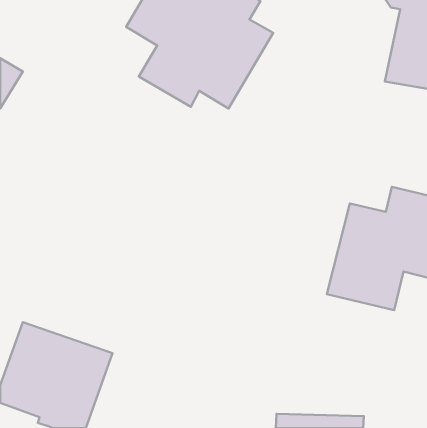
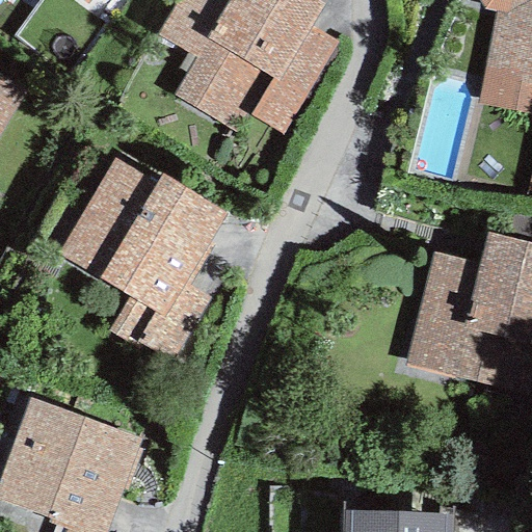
building: none -> [58,157,229,366]

